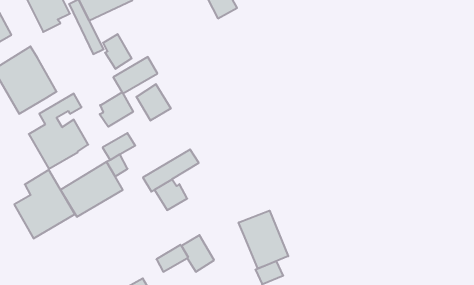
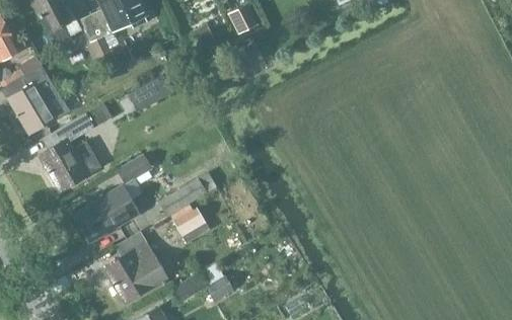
building: [103,34,132,69] -> none
building: [136,84,171,121] -> none
building: [100,92,133,127] -> none
building: [14,170,75,238] -> [103,231,167,303]
building: [239,211,288,269] -> none

